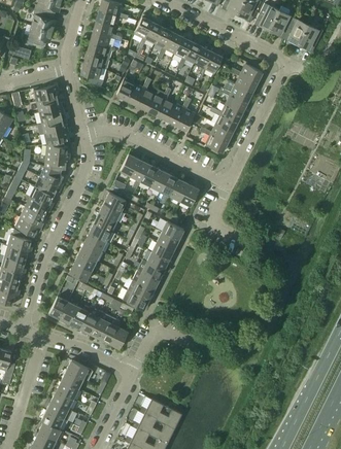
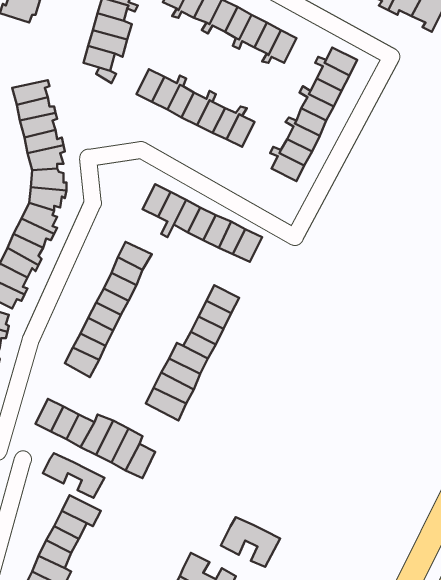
building: none -> [43,453,104,498]
building: none -> [221,517,280,567]

